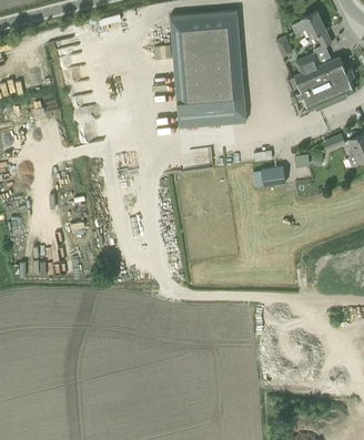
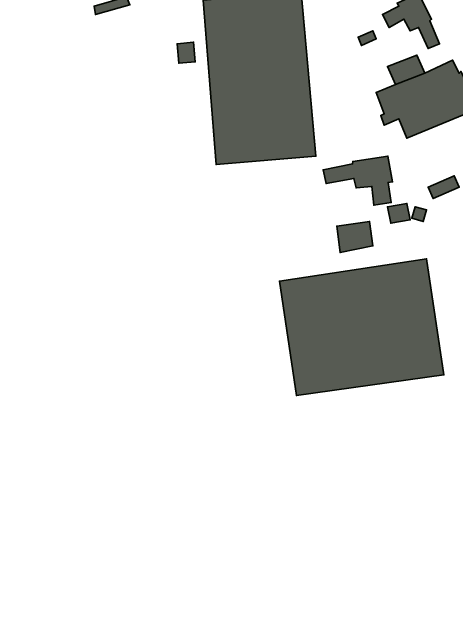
building: none -> [323,156,392,205]
building: none -> [280,259,444,395]

